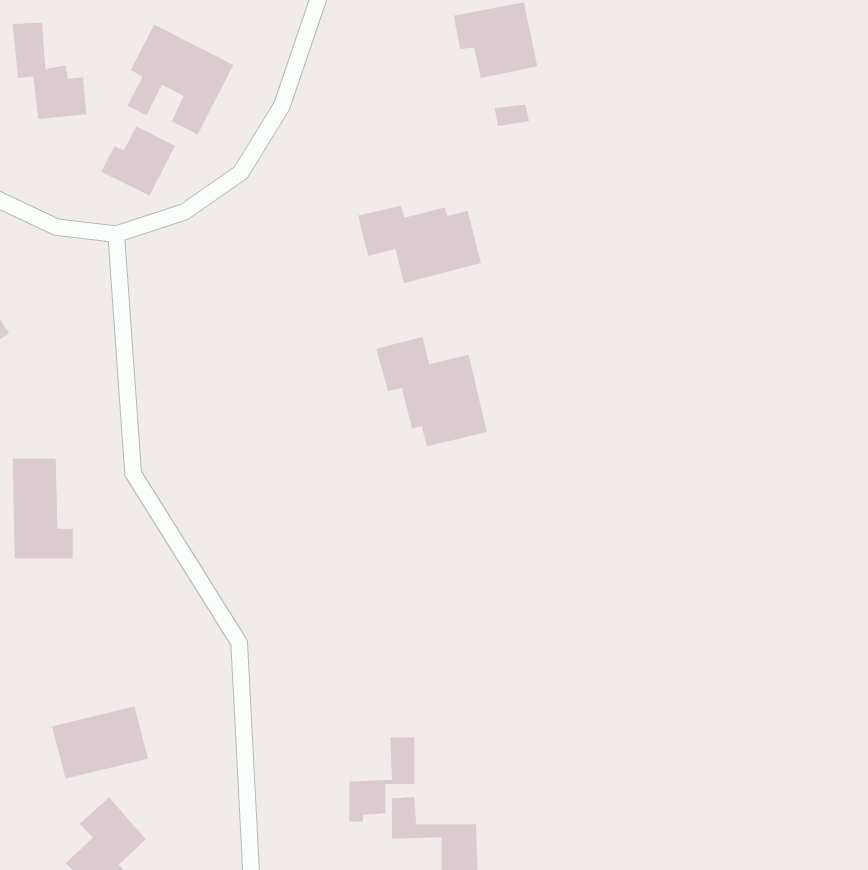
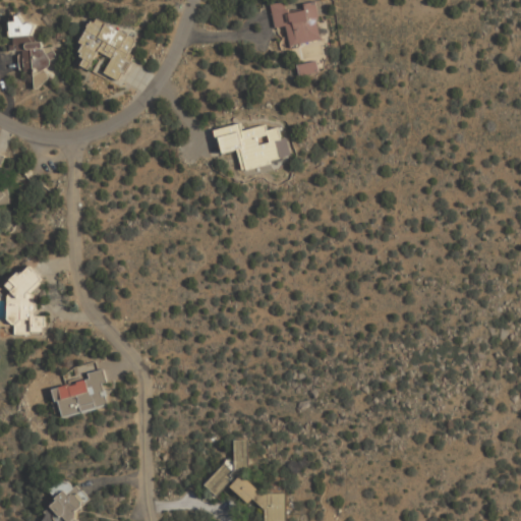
building: [101,125,176,196] -> none
building: [376,336,488,447] -> none
building: [51,706,149,779] -> [51,374,109,418]

